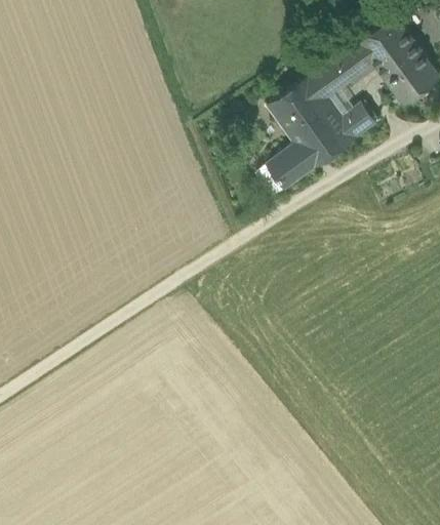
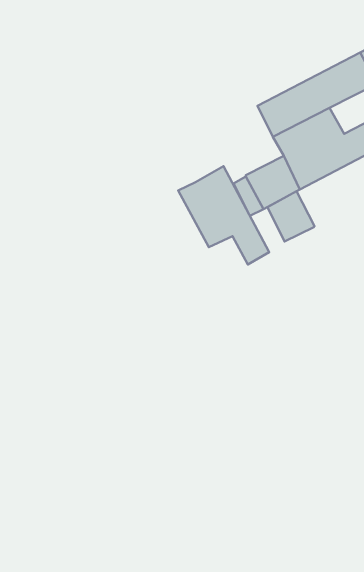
building: none -> [178,166,269,264]
building: none -> [268,191,314,241]

